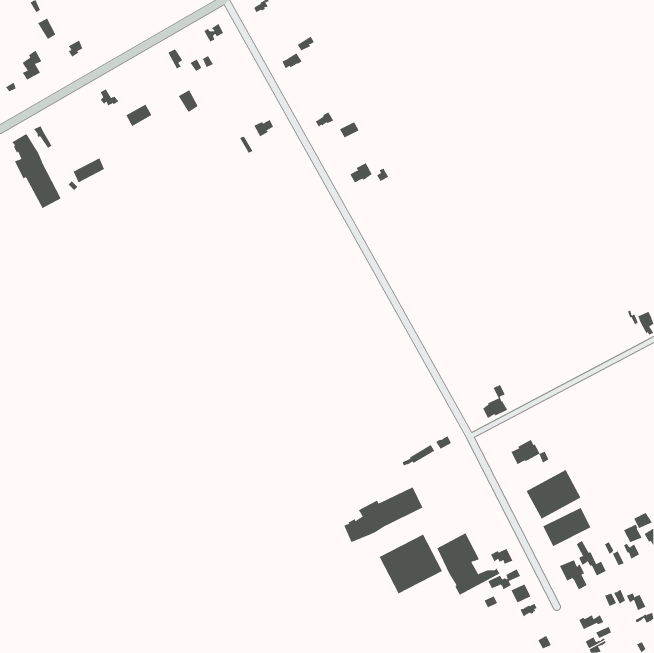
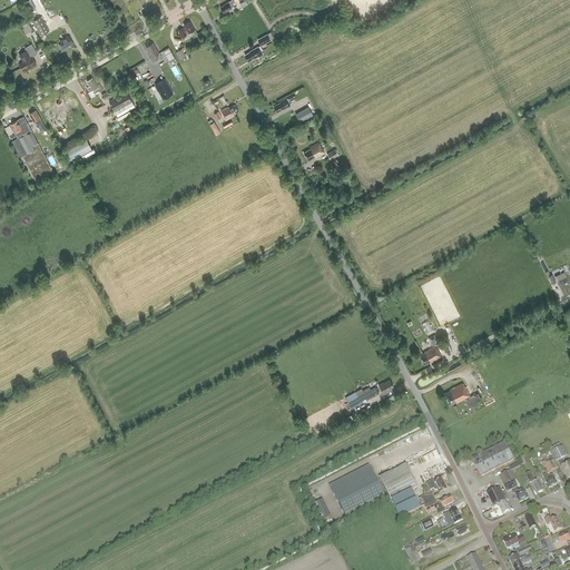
building: [526,469,581,520] -> none
building: [343,487,423,543] -> none

